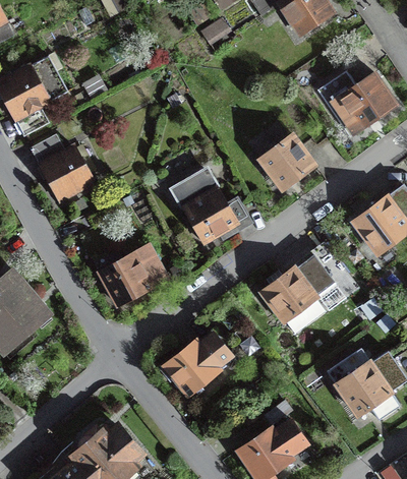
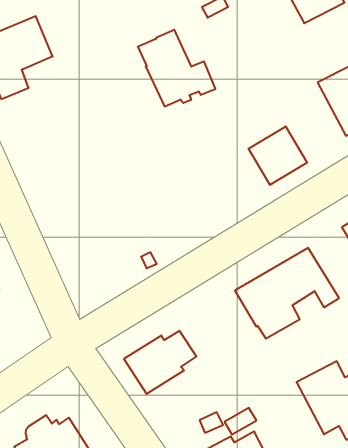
building: [31,136,93,201] -> none
building: [173,171,249,243] -> [138,30,215,106]
building: [98,245,167,306] -> none

